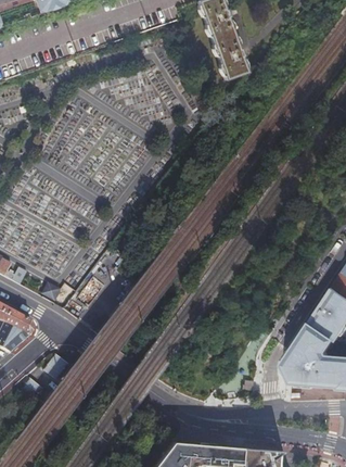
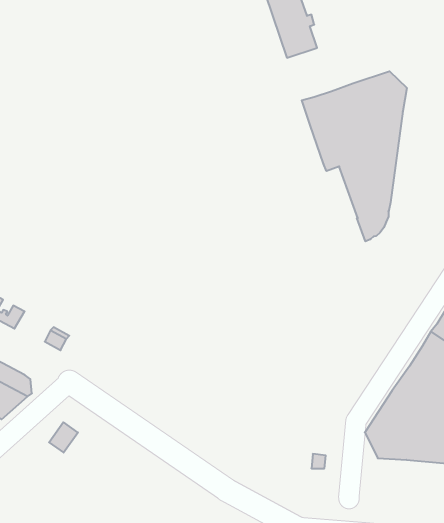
building: none -> [302,71,407,241]

